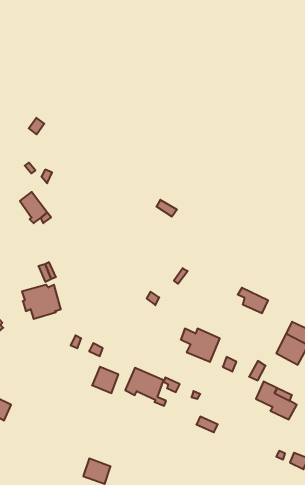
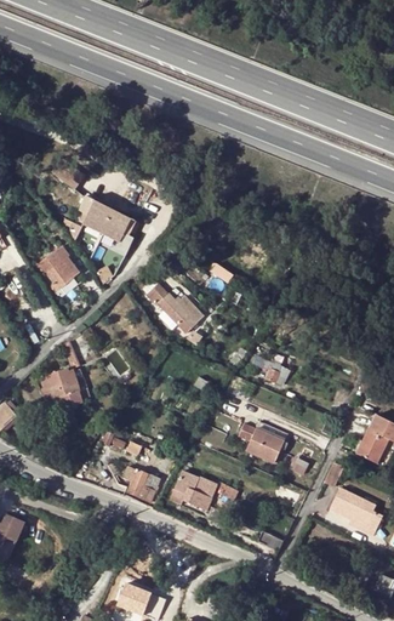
building: none -> [80,201,129,243]
building: none -> [145,283,202,332]
building: [238,288,268,313] -> [251,355,289,387]

